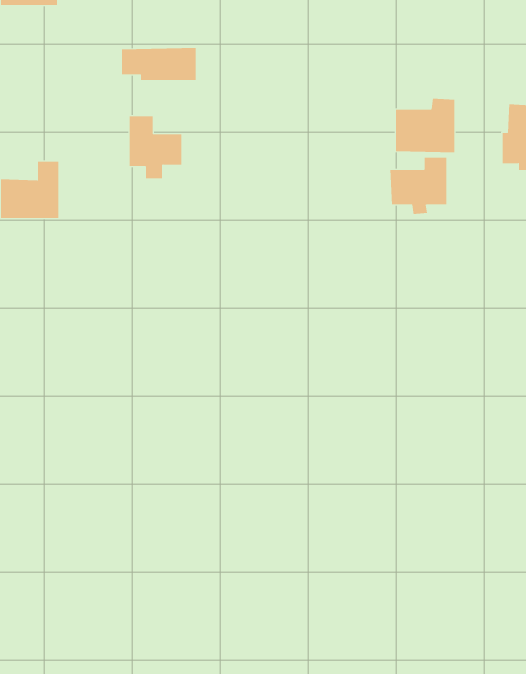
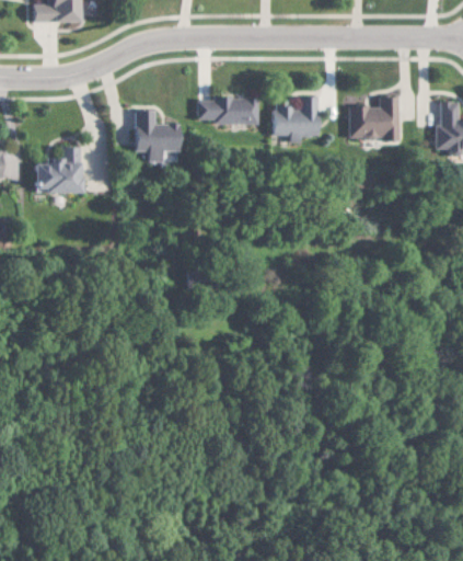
building: [121,48,196,80] -> [199,98,259,124]
building: [390,157,447,214] -> [273,96,319,142]

